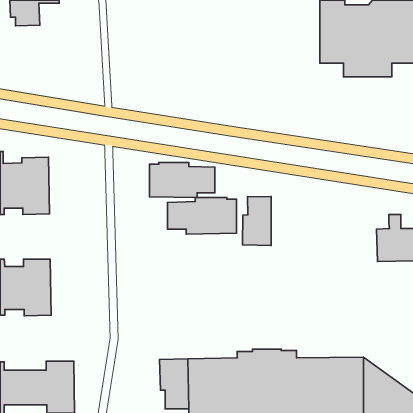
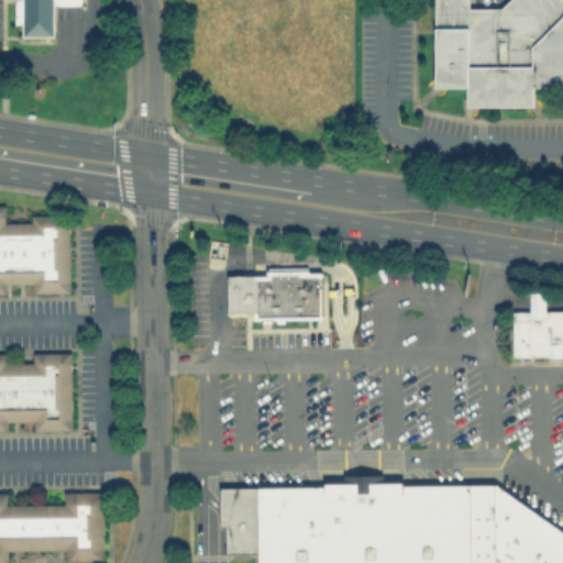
building: [150,162,215,198] -> none
building: [243,196,271,245] -> none

